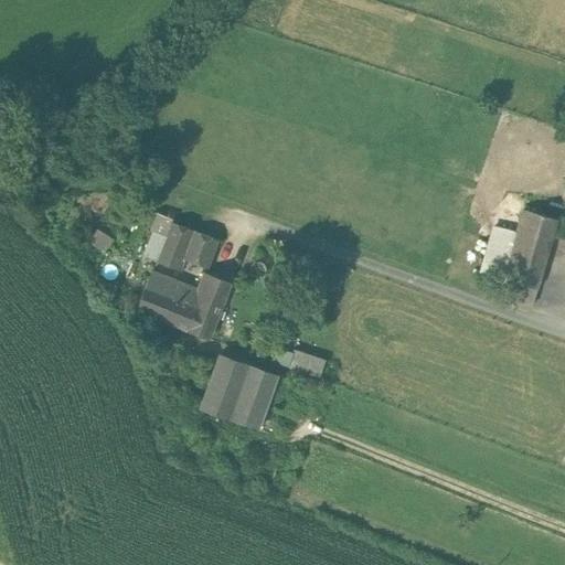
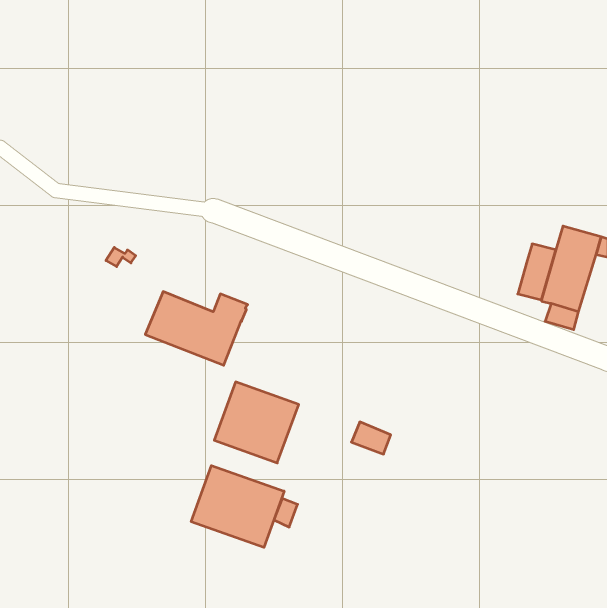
building: [143,223,218,268] -> none
building: [288,350,324,380] -> [351,422,391,454]
building: none -> [191,466,284,547]

